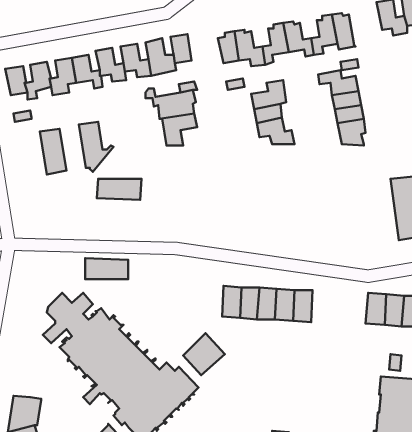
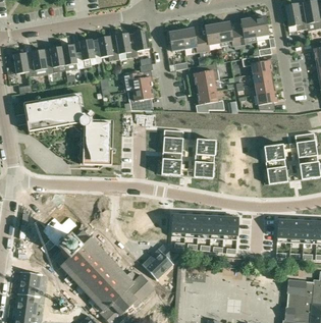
building: none -> [52,95,71,128]
building: none -> [23,100,43,133]
building: none -> [76,111,112,134]
building: none -> [161,129,182,175]
building: none -> [194,139,215,177]
building: none -> [263,144,287,183]
building: [85,258,128,279] -> [79,149,111,164]
building: none -> [18,271,42,295]

